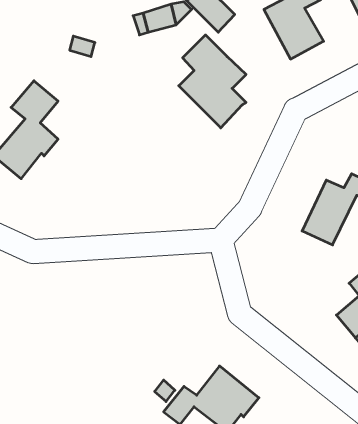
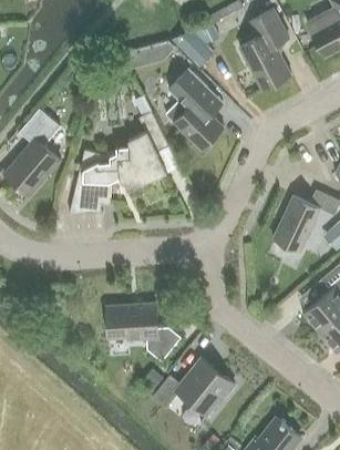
building: none -> [69,111,168,213]
building: none -> [106,303,181,361]

